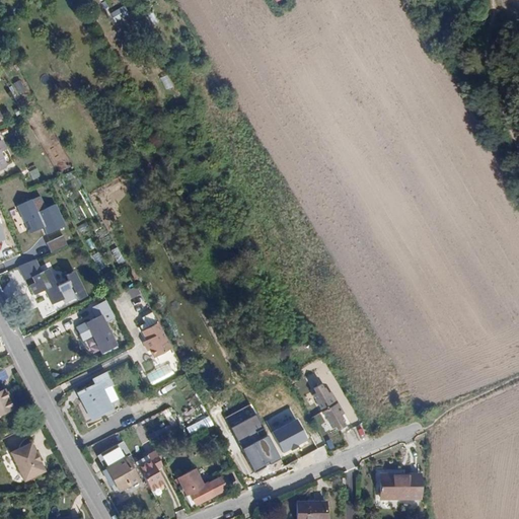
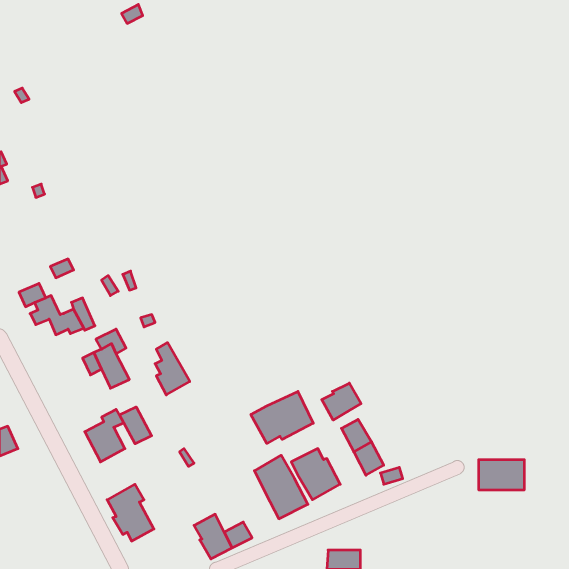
building: [16,195,66,234] -> none
building: none -> [322,383,361,420]
building: none -> [251,391,313,443]
building: none -> [120,407,152,444]
building: [9,441,46,481] -> none
building: [139,452,164,490] -> none
building: [380,471,422,499] -> [479,460,524,490]

